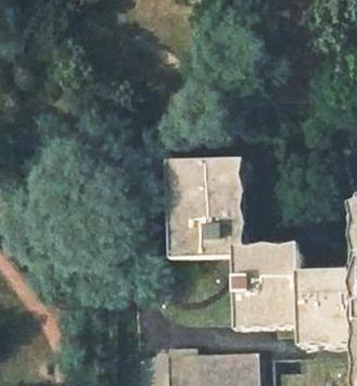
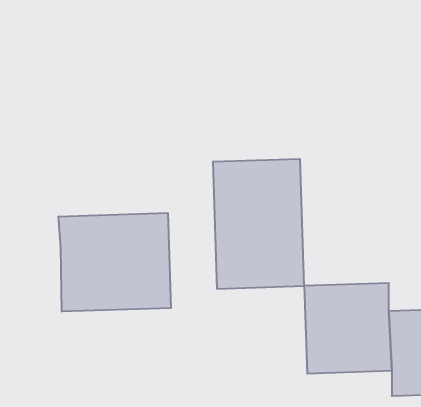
building: none -> [59,213,171,312]

